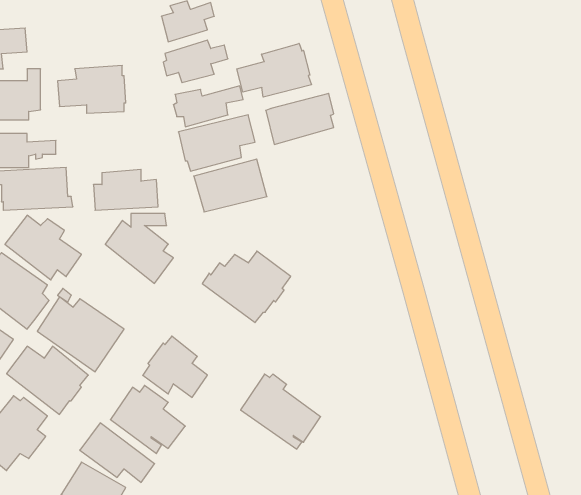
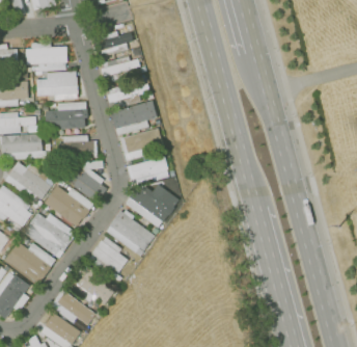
building: none -> [26,42,67,71]
building: [237,43,311,97] -> none
building: [266,93,334,144] -> [127,156,168,187]
building: none -> [42,101,88,130]
building: none -> [45,185,93,226]
building: [241,374,321,449] -> [106,210,155,256]

